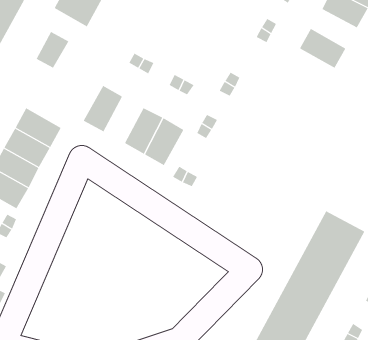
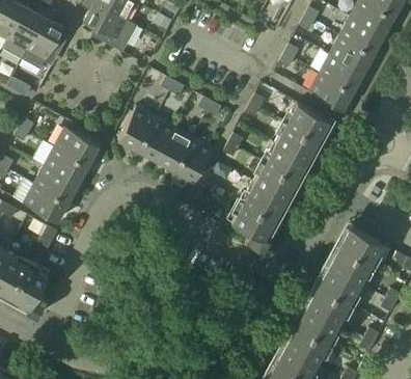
building: none -> [330,38,374,75]
building: [36,31,69,68] -> none
building: none -> [309,75,353,113]
building: none -> [231,104,333,254]
building: none -> [138,119,174,163]

